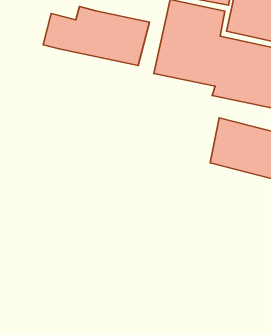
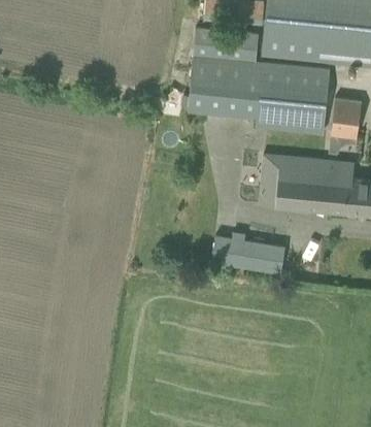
building: [43,7,149,66] -> none
building: none -> [212,232,284,272]

